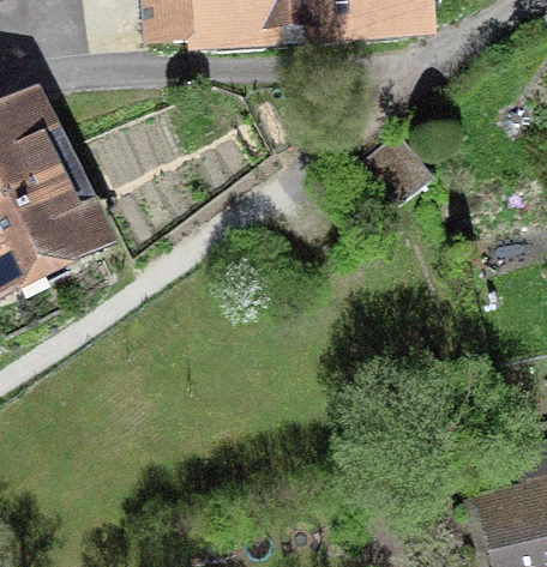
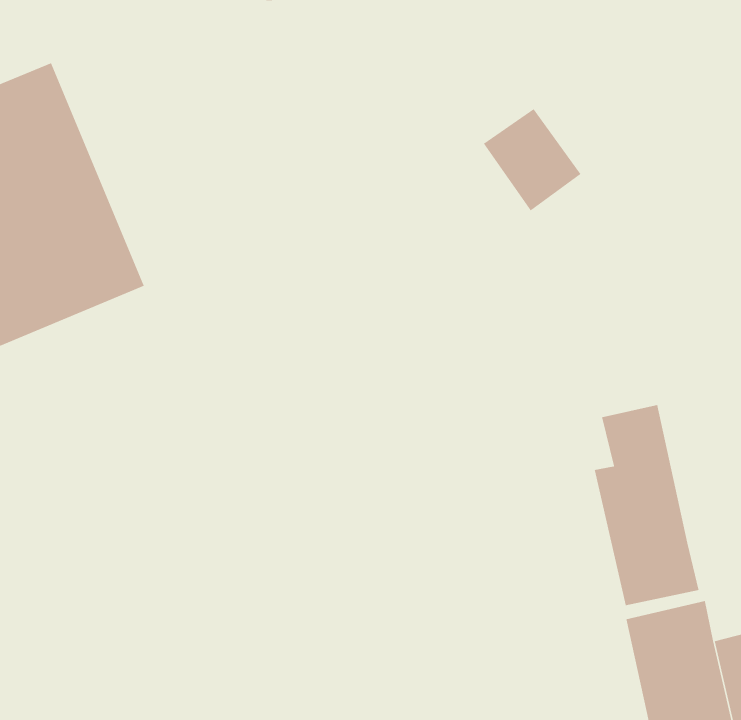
building: none -> [594,404,699,606]

